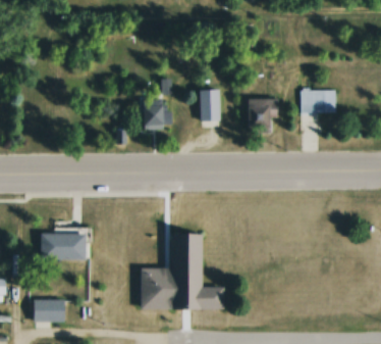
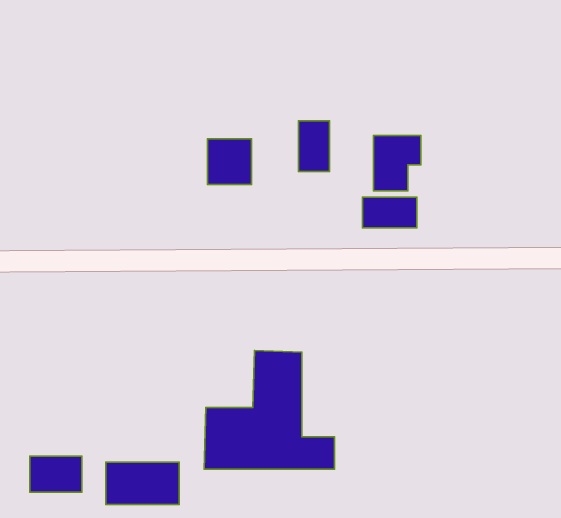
building: [302,90,337,113] -> none
building: none -> [363,197,417,228]
building: [41,233,87,259] -> [106,462,179,505]

